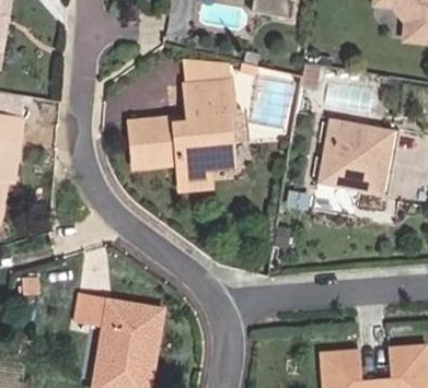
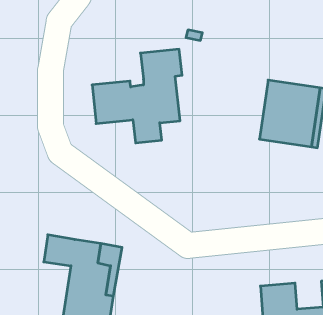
building: [181,61,228,89] -> none

